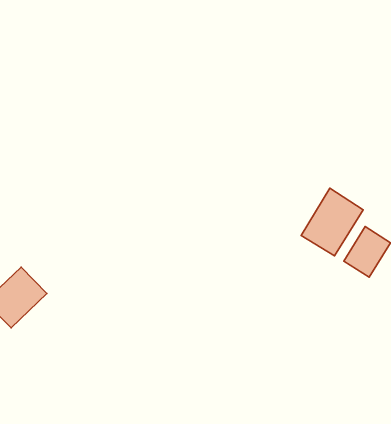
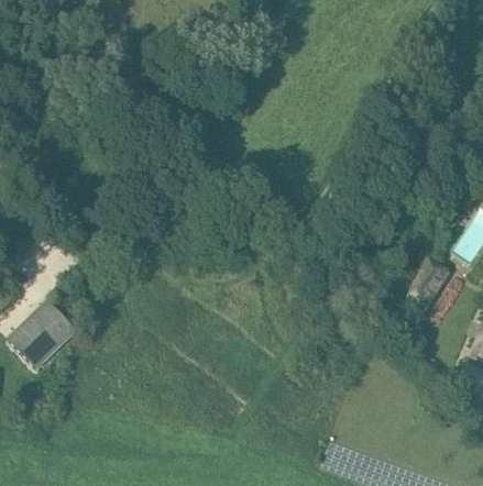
building: [301,188,363,256] -> none

